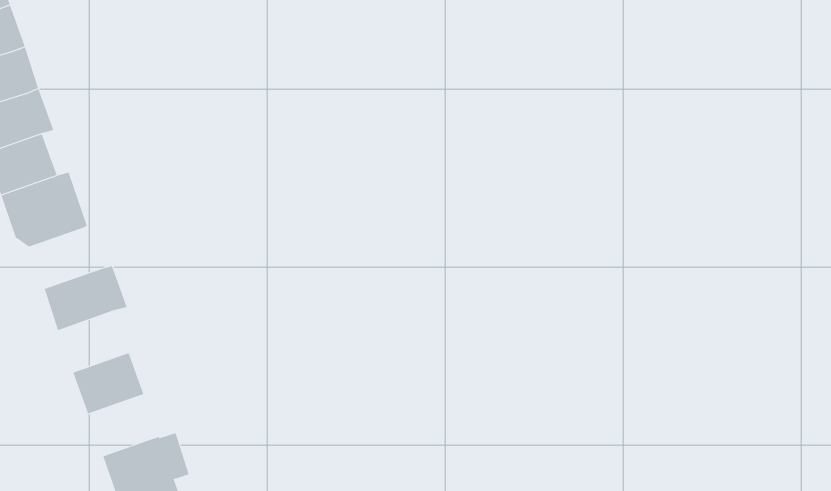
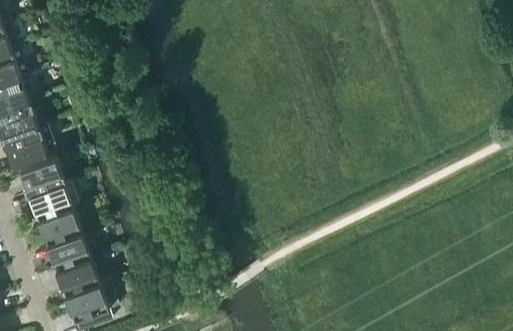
building: none -> [18,155,62,192]
building: none -> [35,205,79,243]
building: none -> [54,256,97,294]

